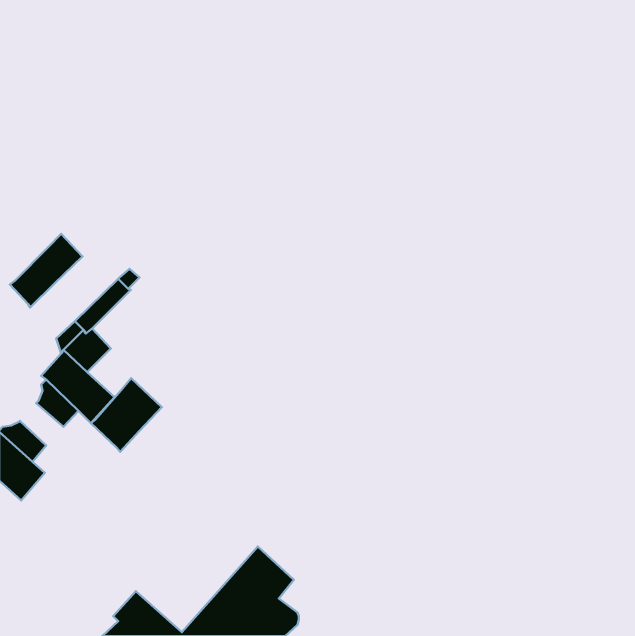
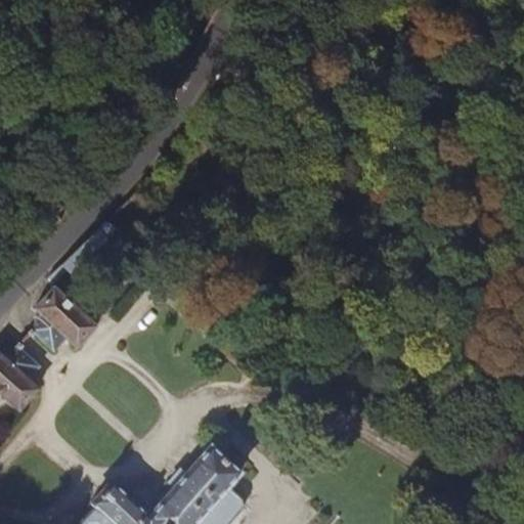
building: [10,234,83,307] -> none
building: [91,378,162,452] -> none

